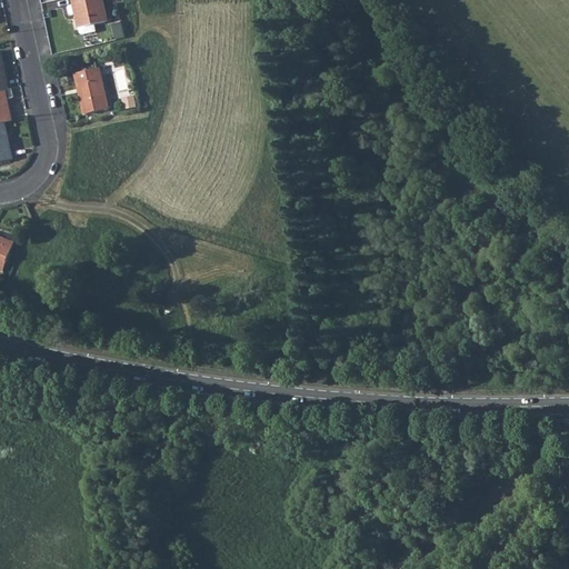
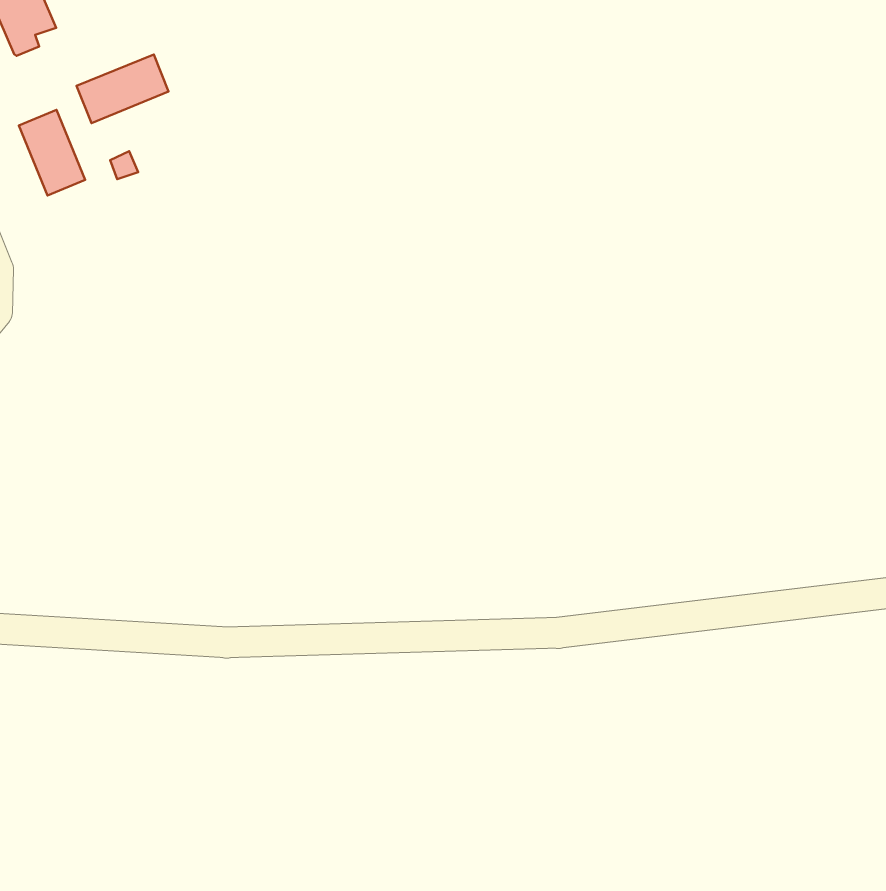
building: none -> [77,54,169,123]

